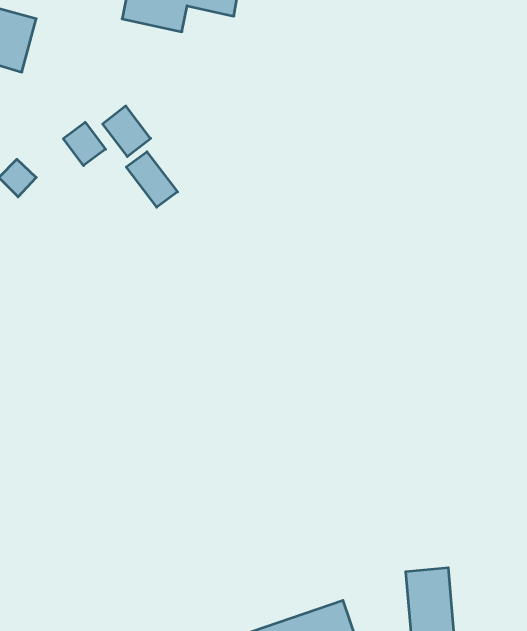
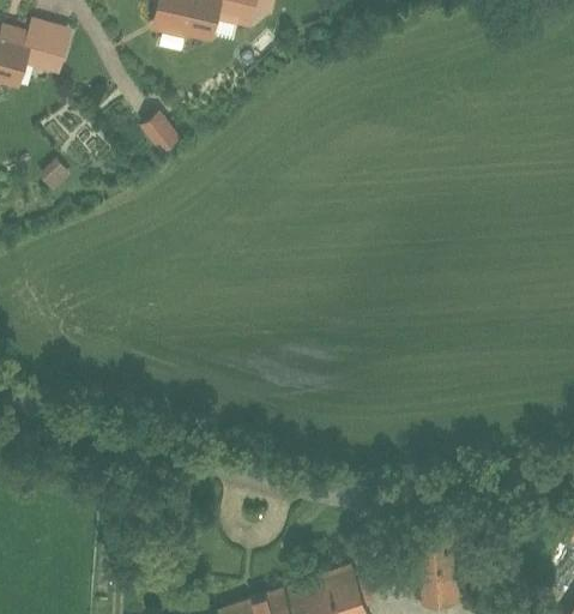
building: [63,122,106,166] -> none
building: [126,152,178,207] -> none

